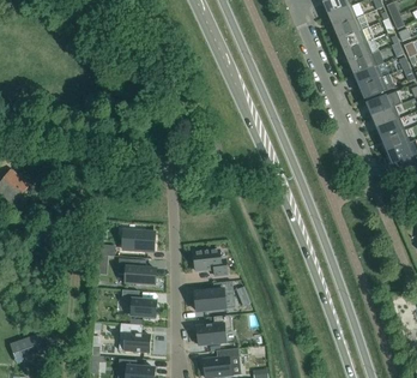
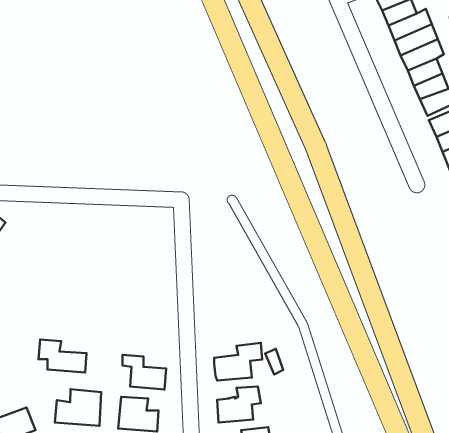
building: [122,230,153,251] -> none
building: [193,250,225,276] -> none
building: [117,258,156,284] -> [39,340,87,373]
building: none -> [55,389,101,426]

